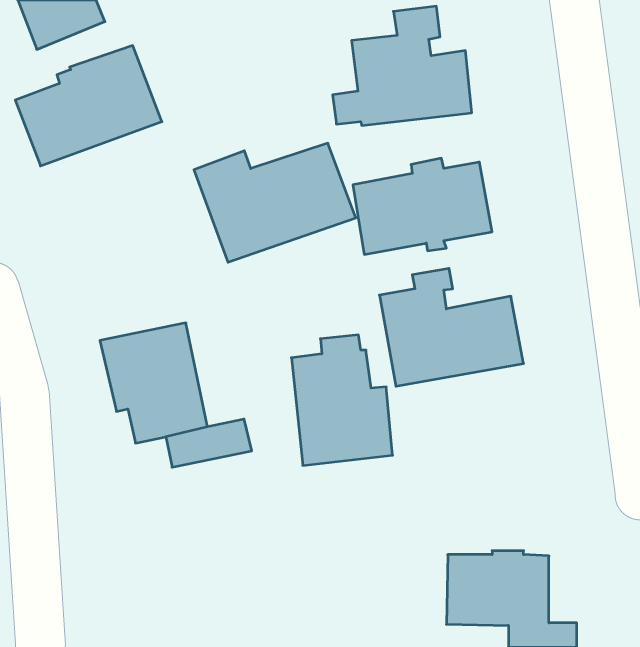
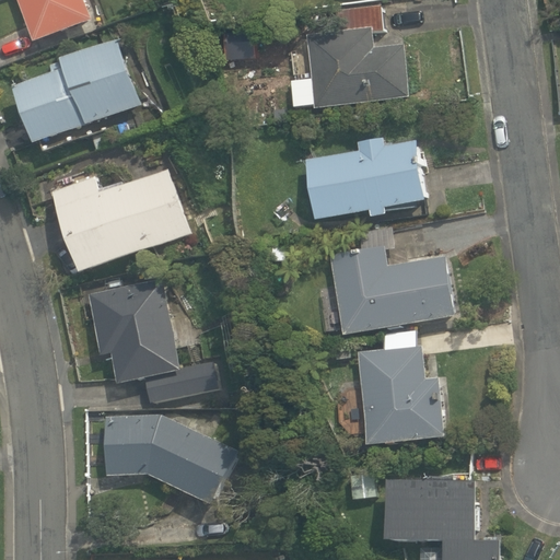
building: [194,143,356,262] -> [51,170,191,272]
building: [291,335,393,465] -> [355,332,443,445]
building: none -> [104,415,238,504]

